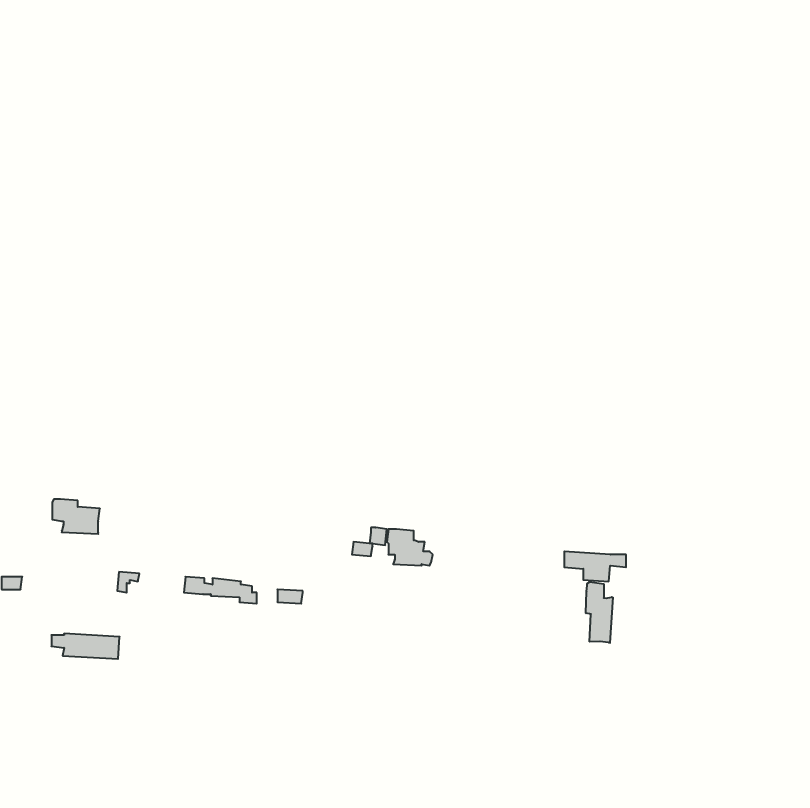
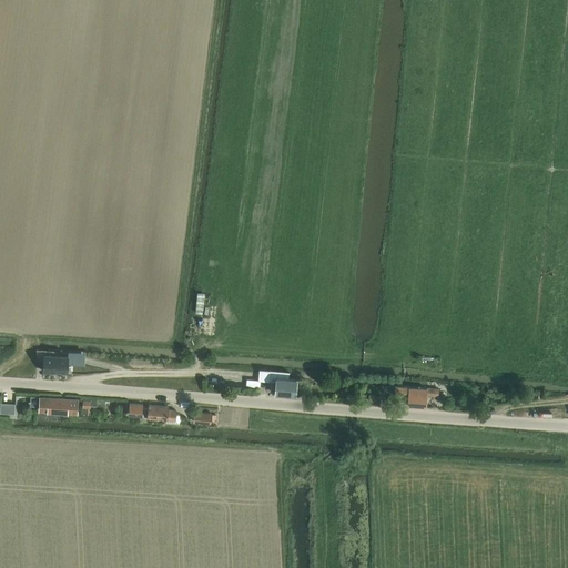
building: [586,582,613,643] -> none
building: [51,634,120,659] -> [31,397,79,415]

